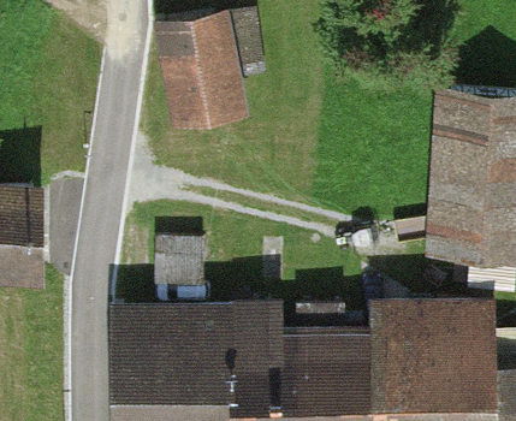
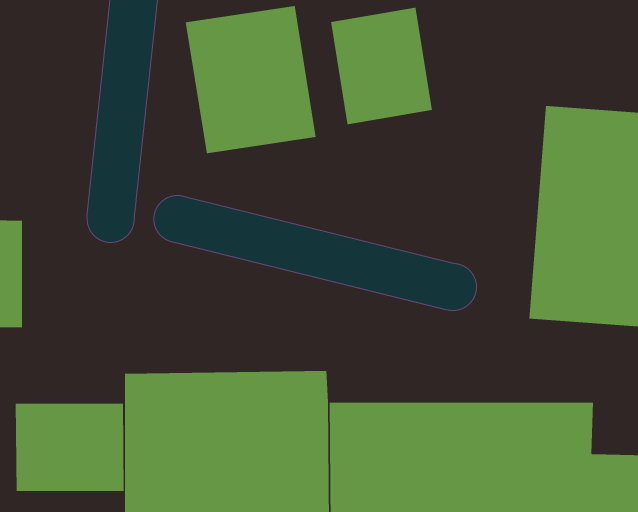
building: none -> [331,7,433,125]
building: none -> [15,403,124,492]

